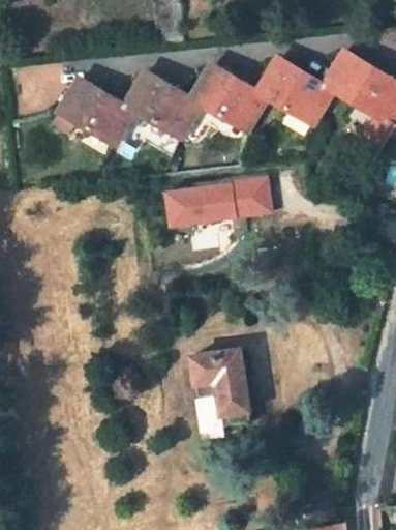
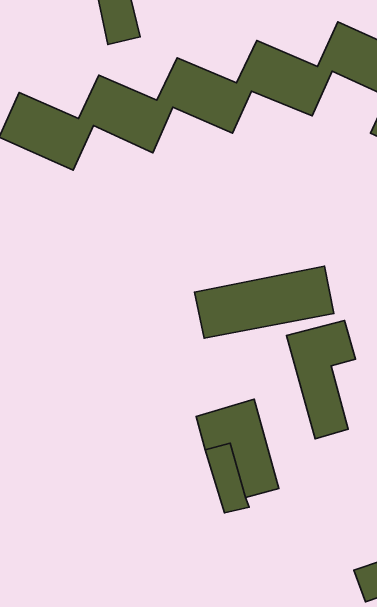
building: [158,177,269,224] -> [195,266,334,338]
building: none -> [287,320,355,439]

